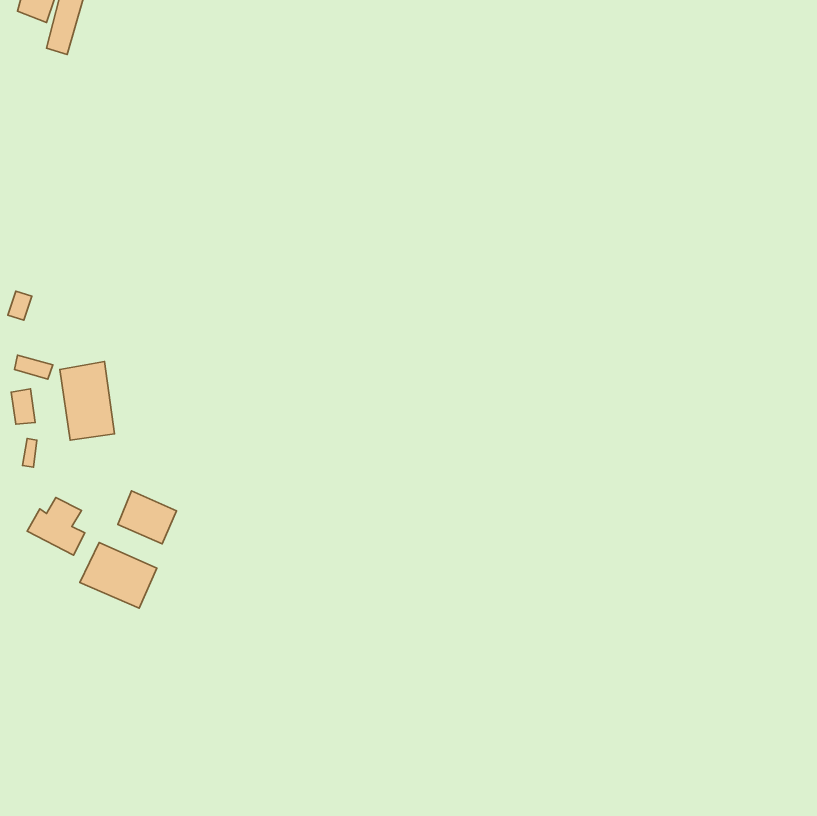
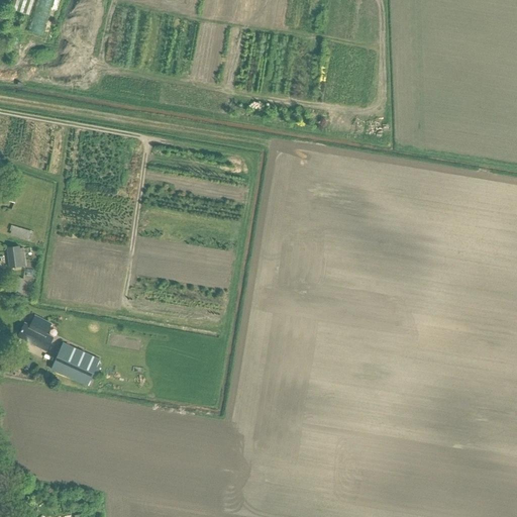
building: [60,361,114,440] -> none
building: [118,491,177,544] -> none

